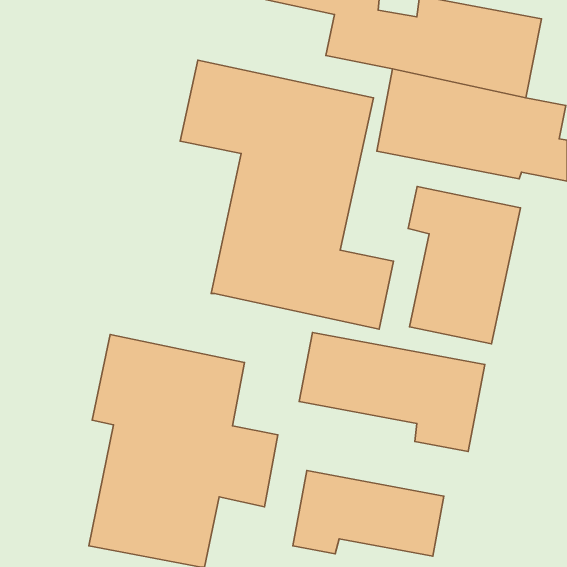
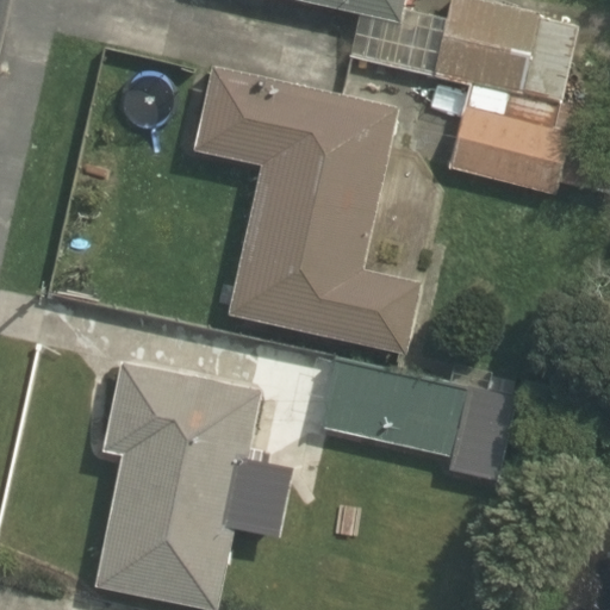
building: [408,186,520,344] -> none
building: [293,471,444,556] -> none

